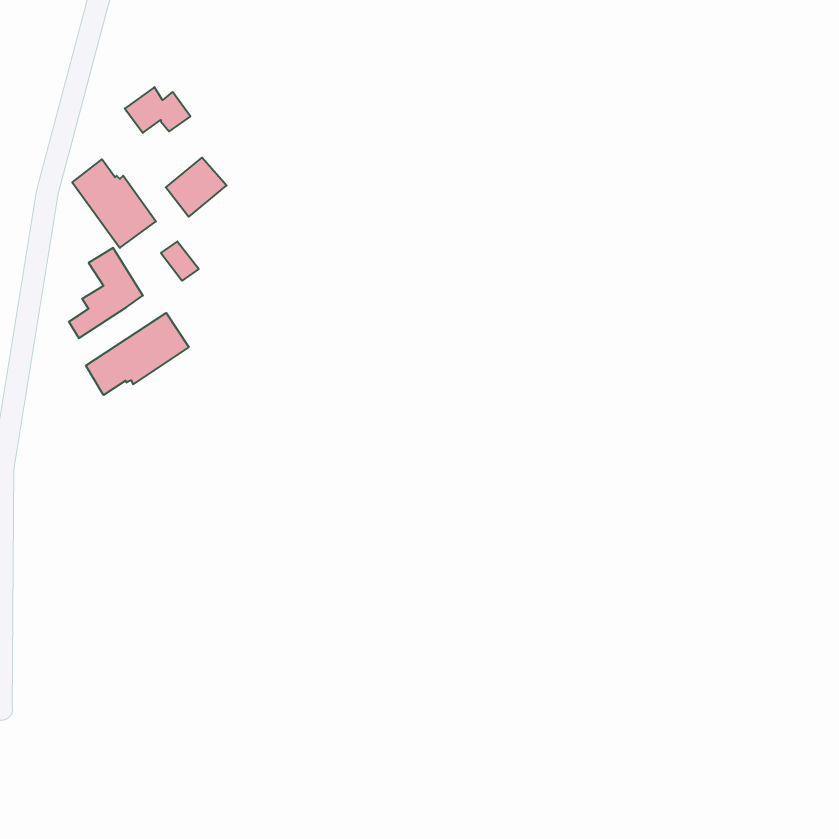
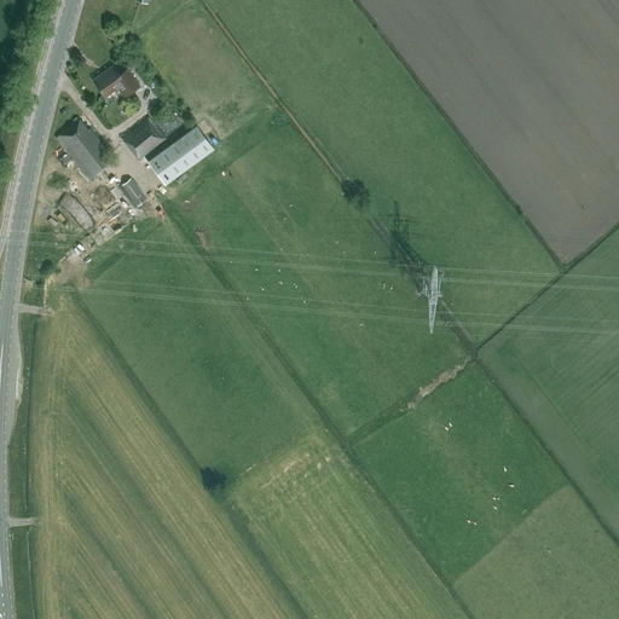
building: none -> [147,125,214,184]
building: [86,313,189,395] -> none

